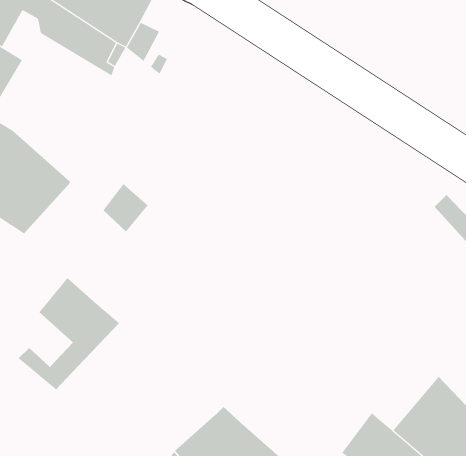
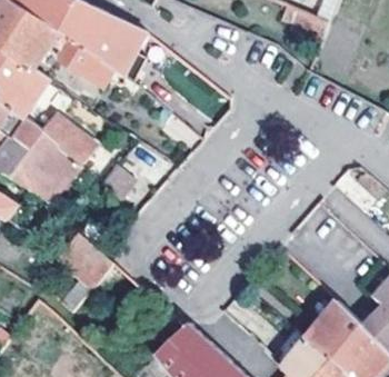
building: none -> [41,118,93,165]

